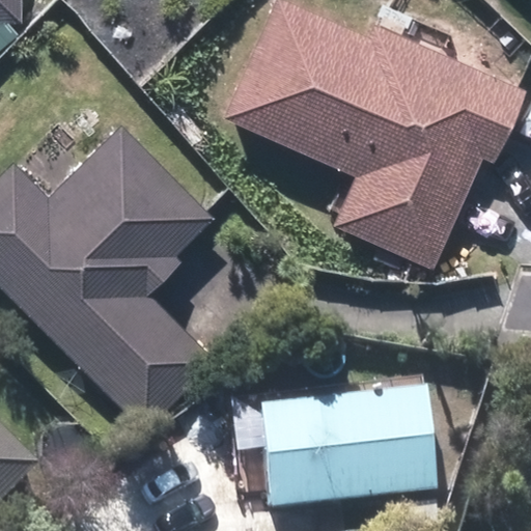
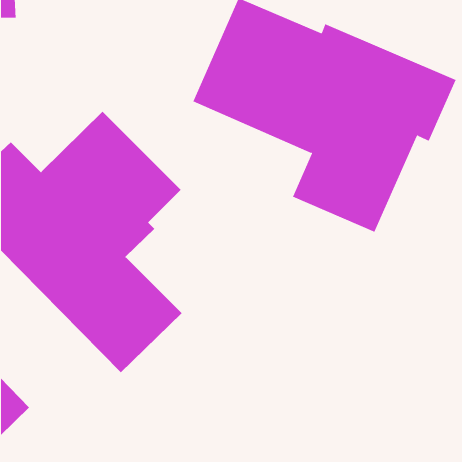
building: [266,386,440,504] -> none

